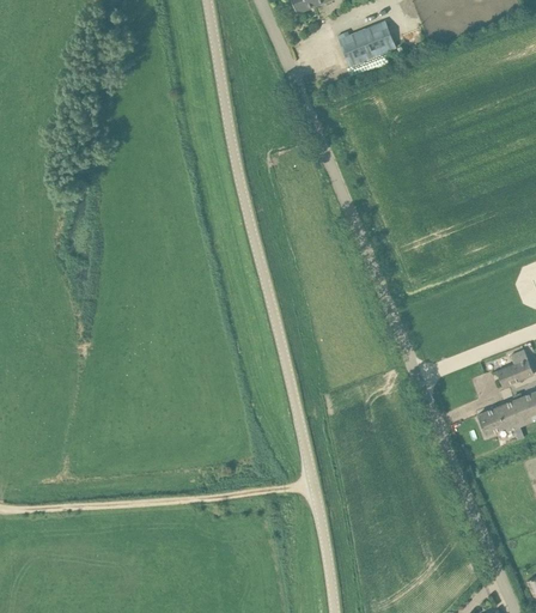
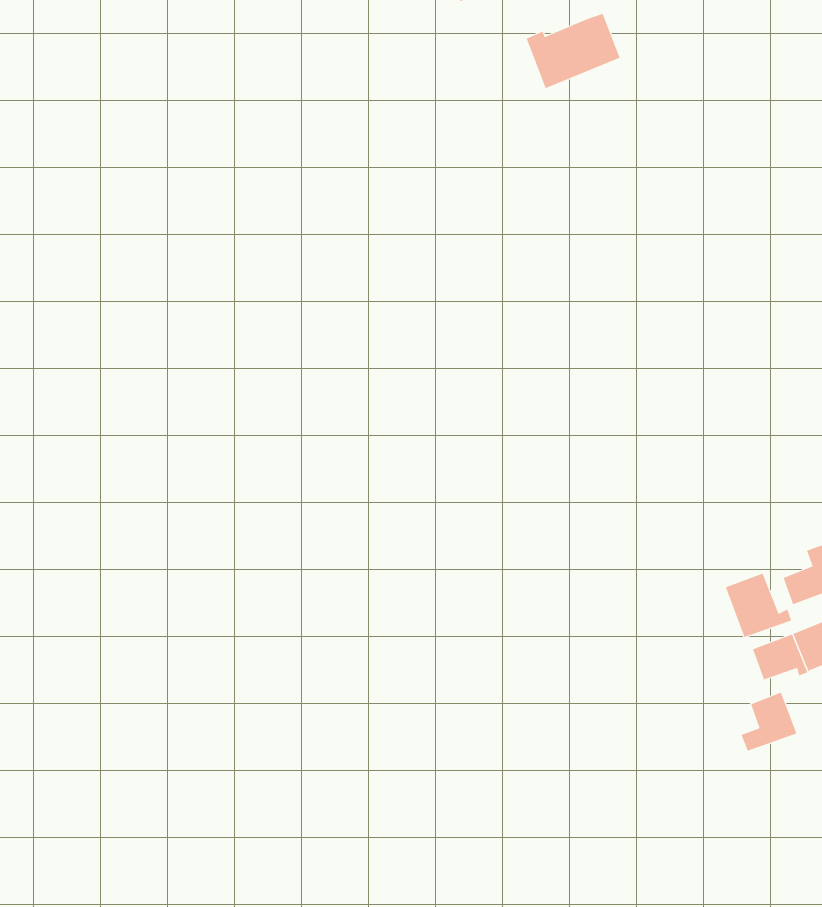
building: none -> [725,573,792,638]
building: none -> [741,692,797,752]

